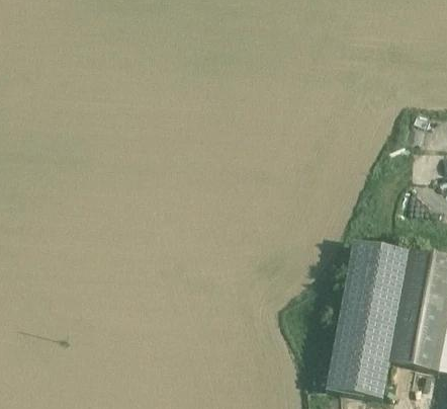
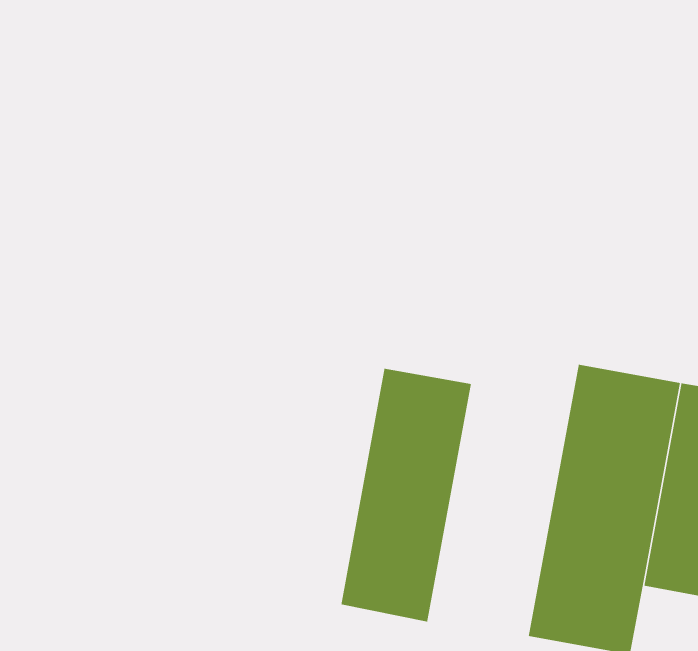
building: none -> [341,368,472,622]

